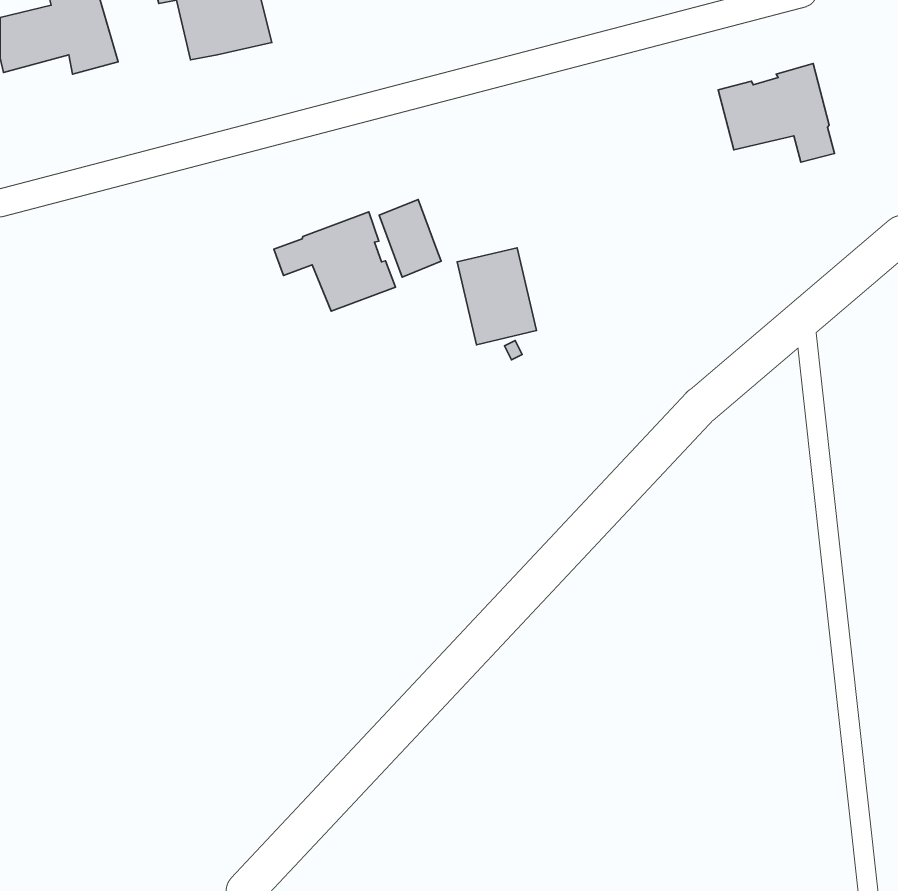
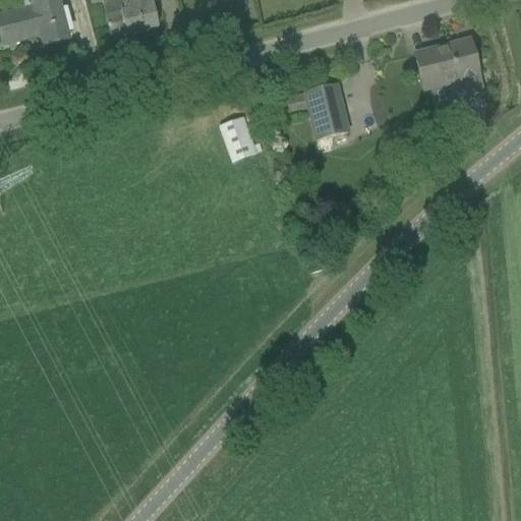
building: [274,212,395,311] -> none
building: [457,248,536,345] -> [304,81,350,137]

